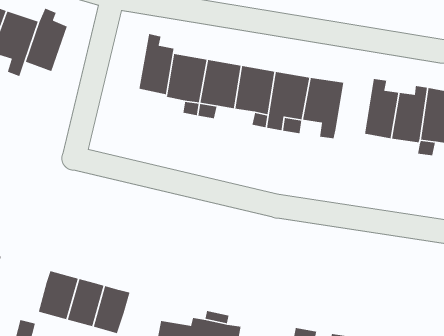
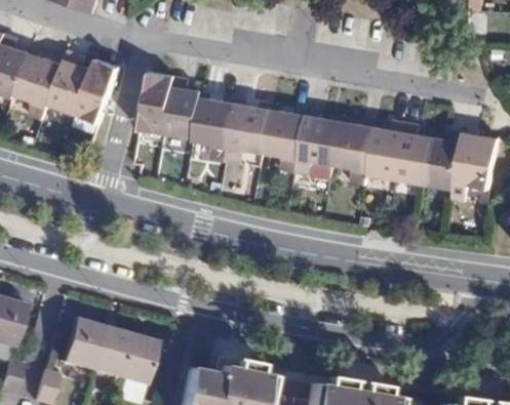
building: none -> [77,59,120,124]
building: none -> [142,72,176,133]
building: none -> [369,119,407,179]

